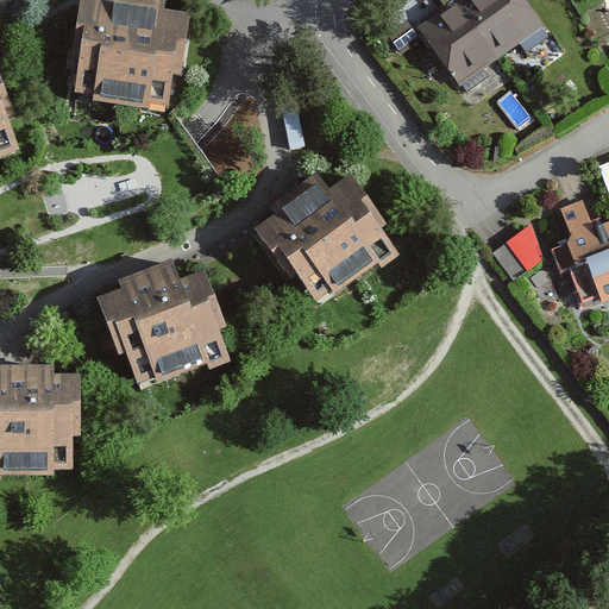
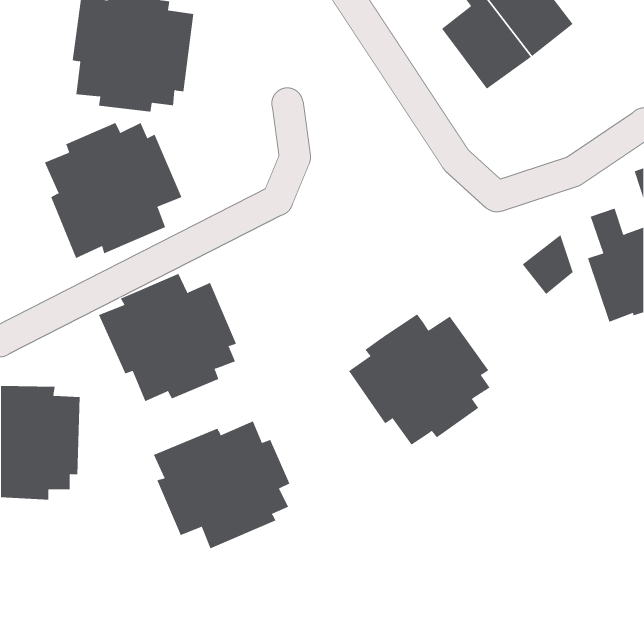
building: none -> [44,122,182,259]
building: [276,184,410,309] -> [348,313,491,446]
building: none -> [153,420,290,549]

